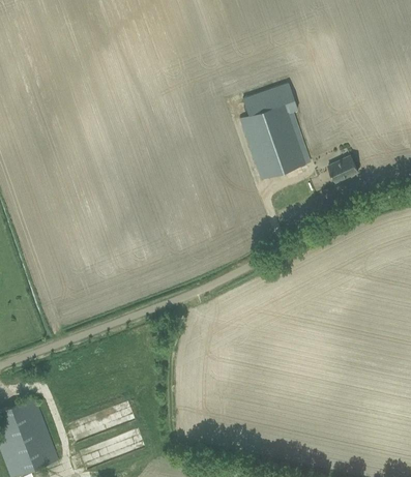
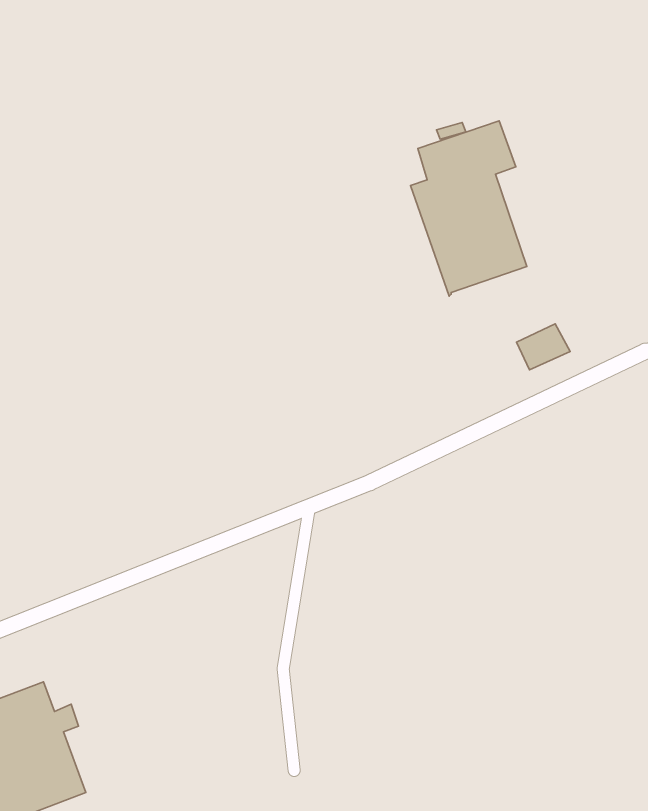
building: [329,157,359,183] -> [517,324,570,370]

